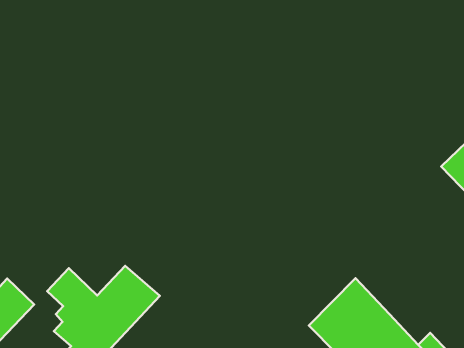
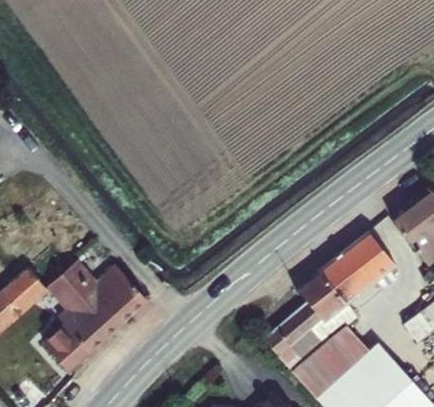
building: none -> [300,231,401,336]

